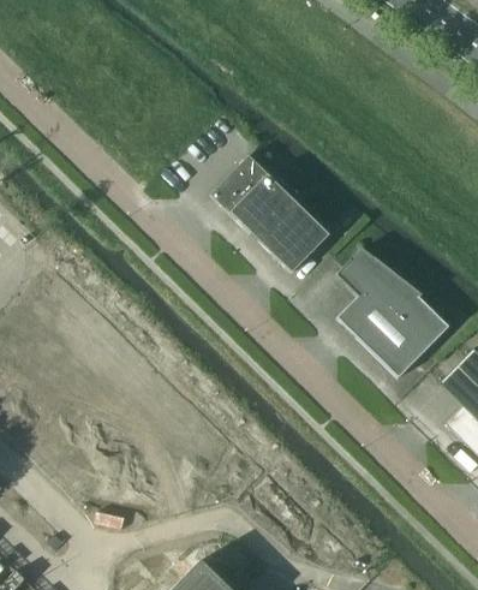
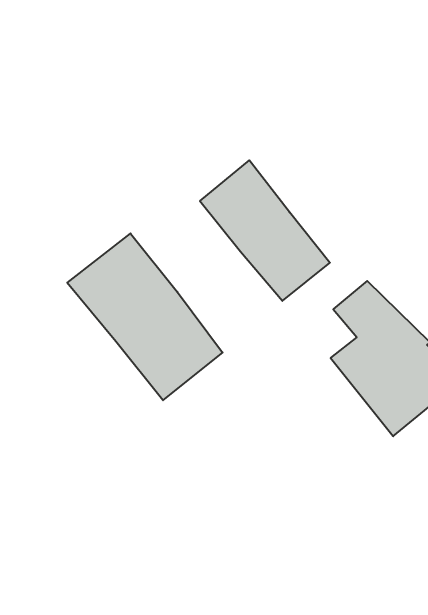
building: none -> [67,233,223,400]

